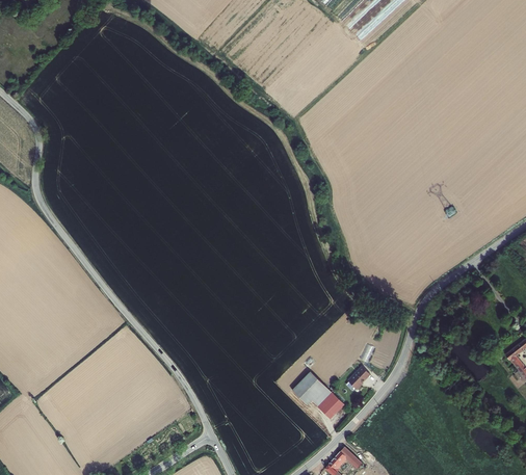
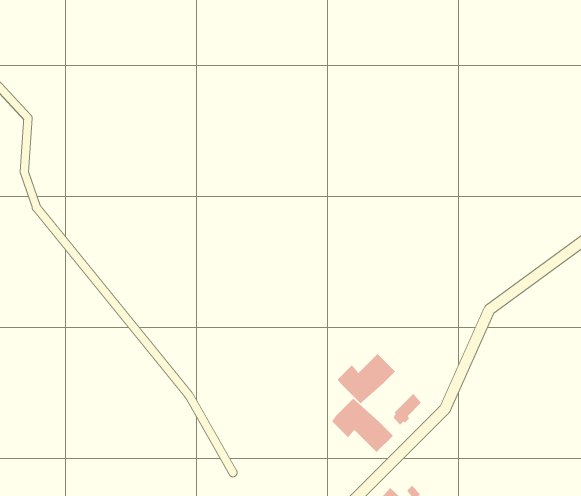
building: none -> [337,353,396,404]

